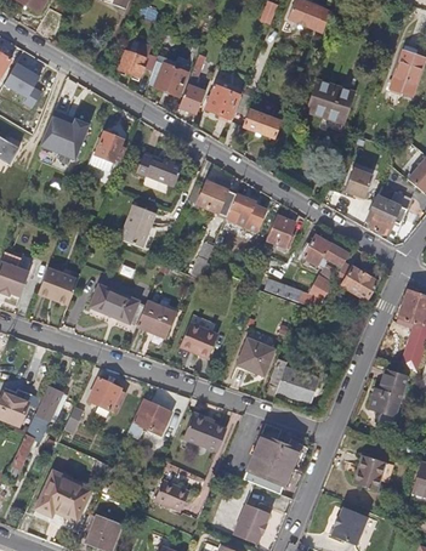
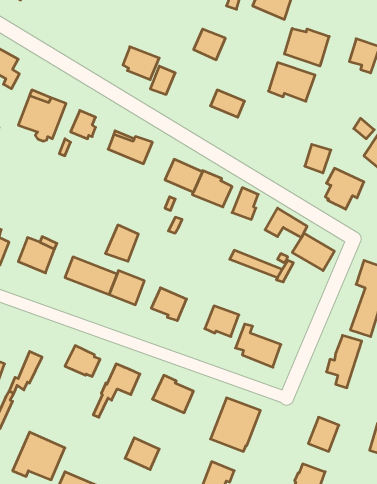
building: [120,38,150,74] -> none
building: none -> [284,28,329,66]
building: [204,84,238,117] -> [194,29,225,60]
building: [120,203,155,242] -> [105,225,138,261]

